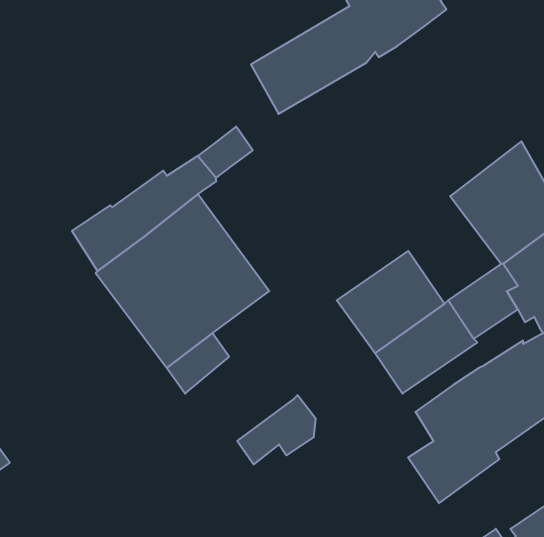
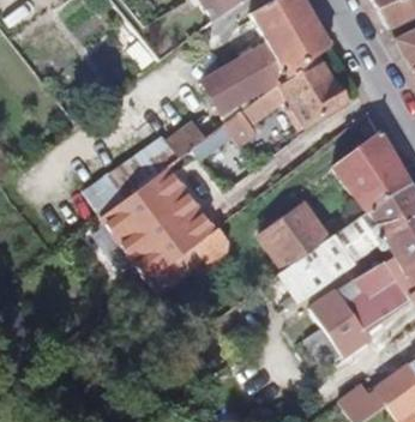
building: none -> [224,55,347,145]
building: [237,395,316,464] -> [178,227,229,272]

